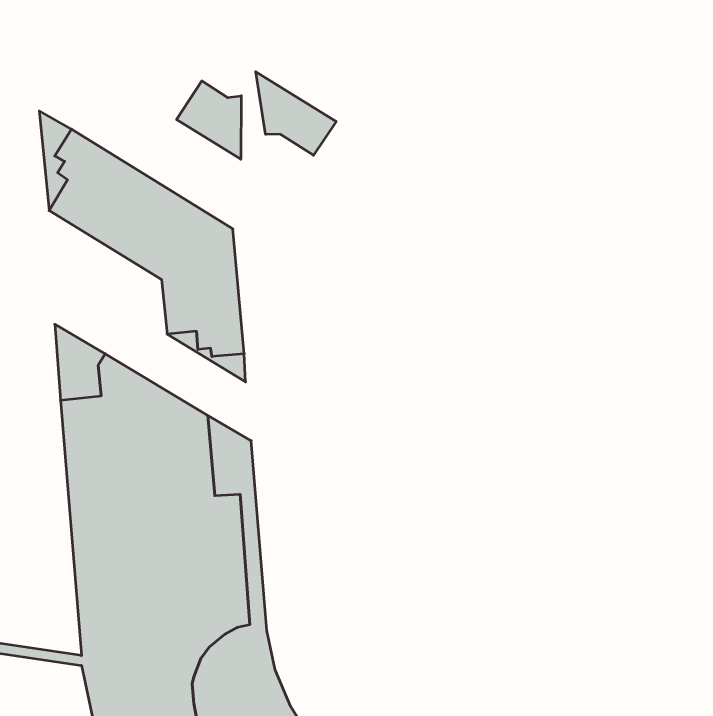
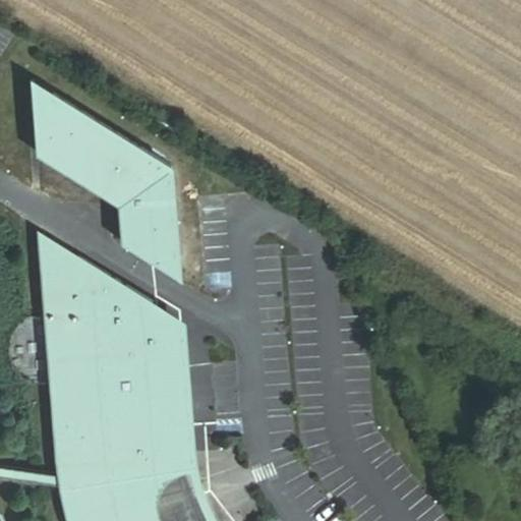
building: [256,72,336,155] -> none
building: [177,81,241,159] -> none

